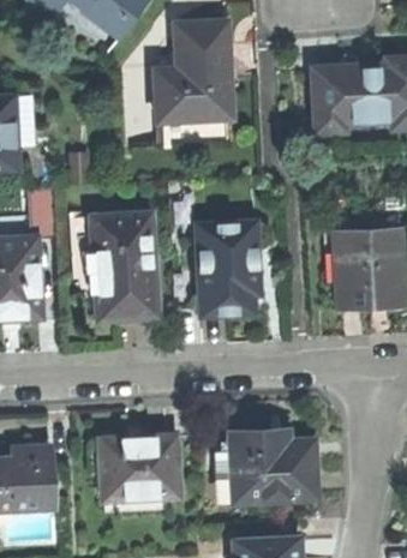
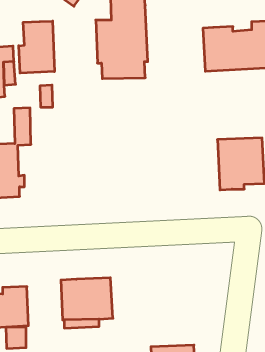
building: none -> [19,21,54,73]
building: [70,211,157,318] -> none
building: [197,220,258,311] -> none
building: [214,430,317,500] -> none

